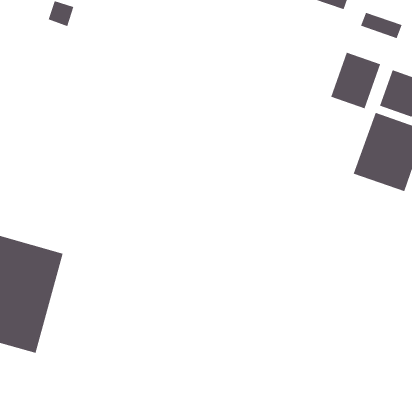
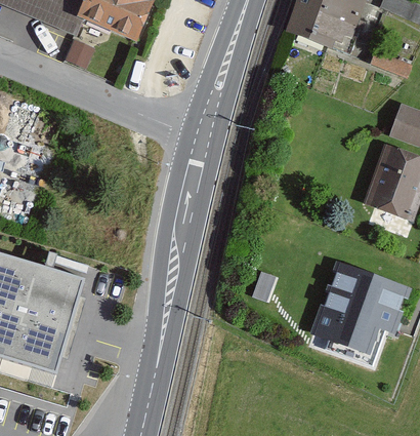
building: [331,52,381,109] -> none
building: none -> [310,261,407,356]

